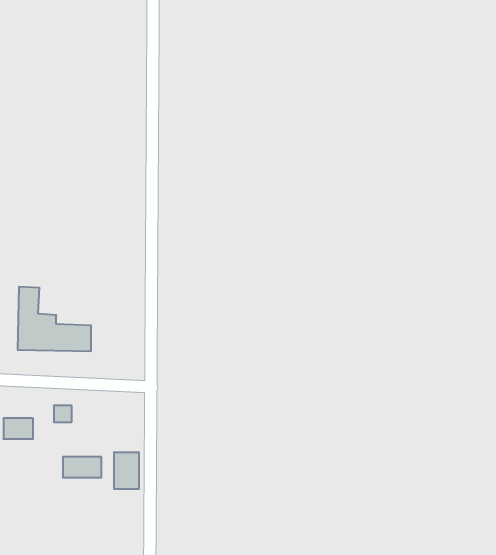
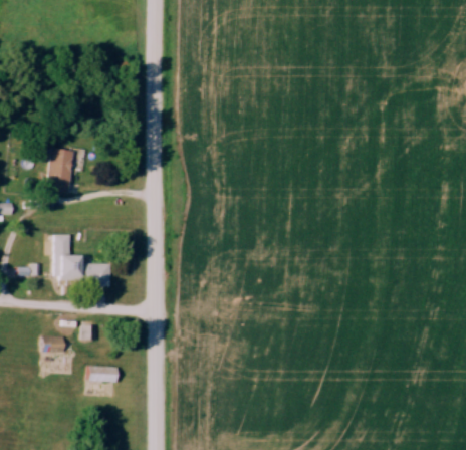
building: none -> [46,148,72,193]
building: [114,452,139,489] -> none

